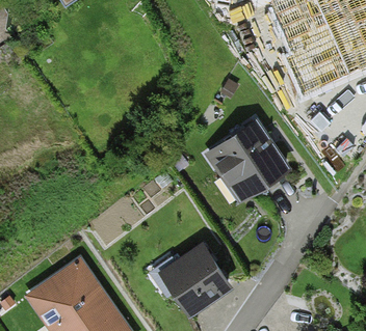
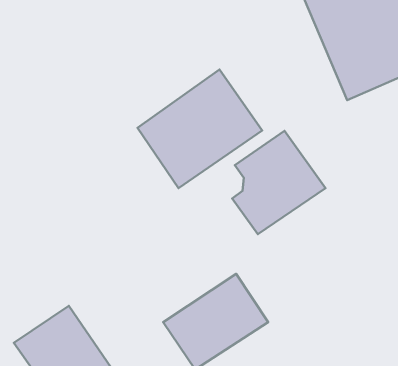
building: none -> [137,70,262,188]

